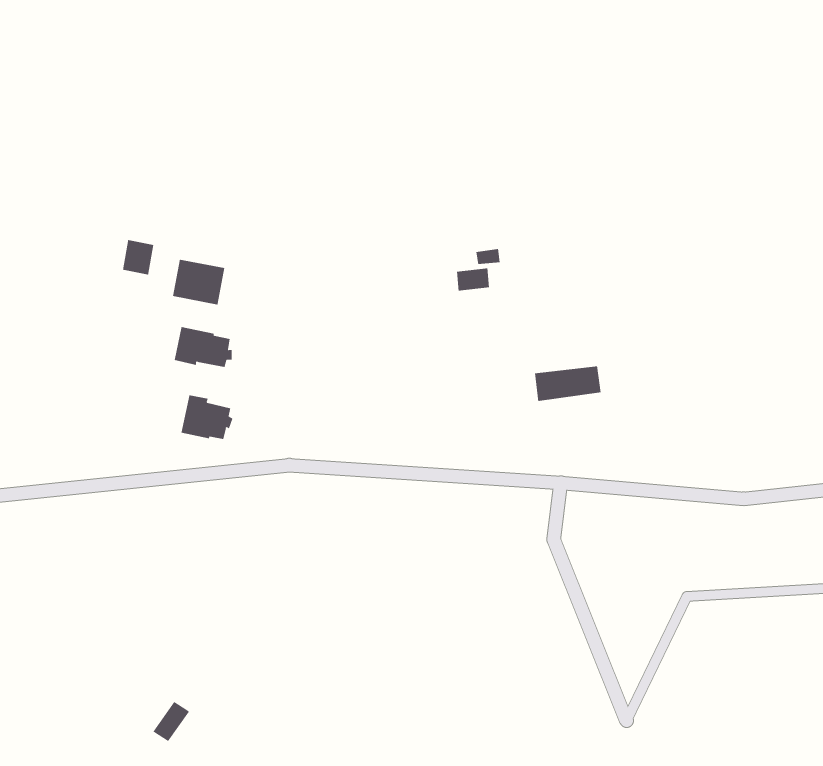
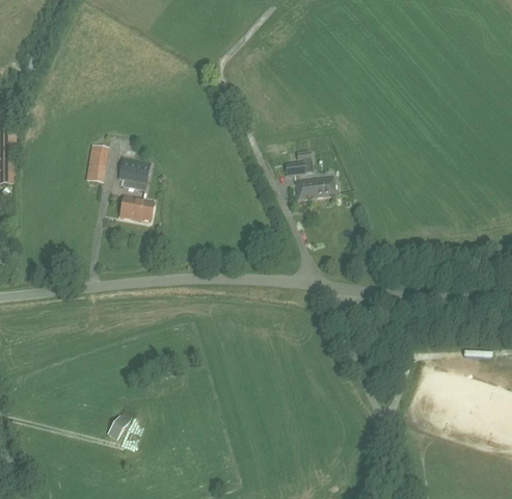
building: [534,366,602,402] -> [295,179,334,200]
building: [181,395,233,440] -> none

